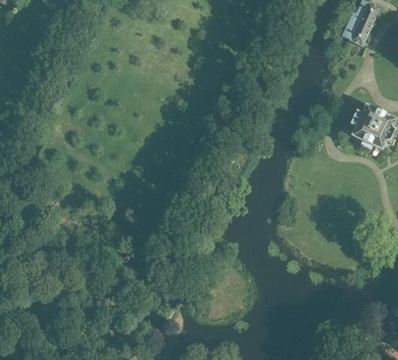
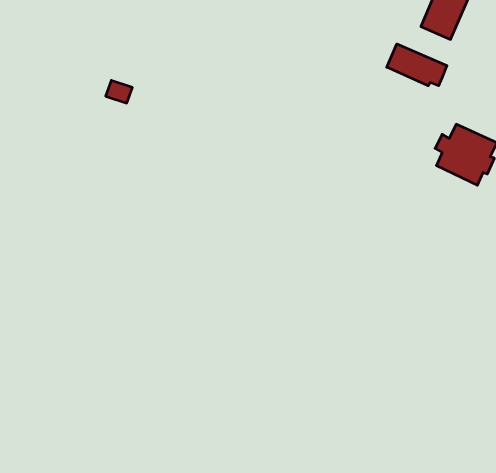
building: none -> [387,44,447,86]

